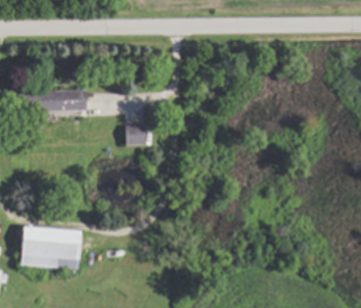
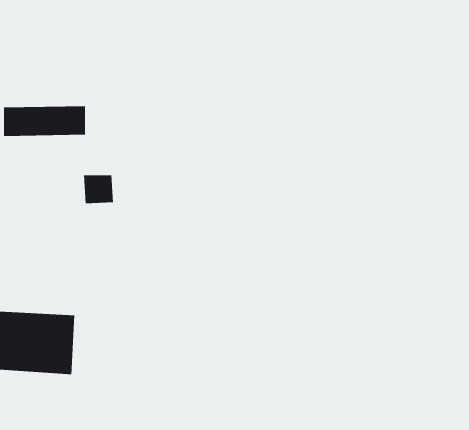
building: [125,125,145,145] -> [83,175,114,204]

